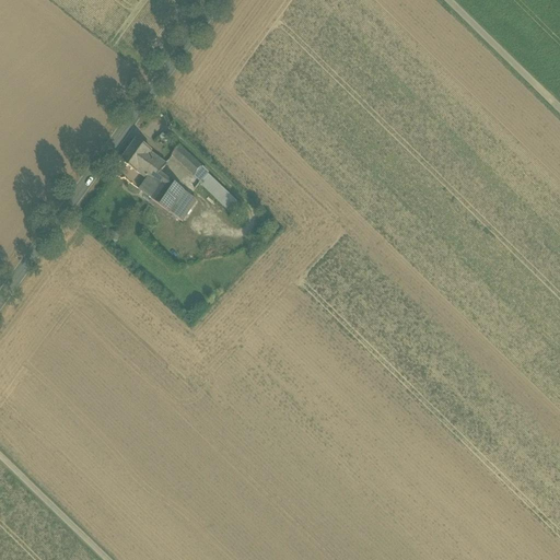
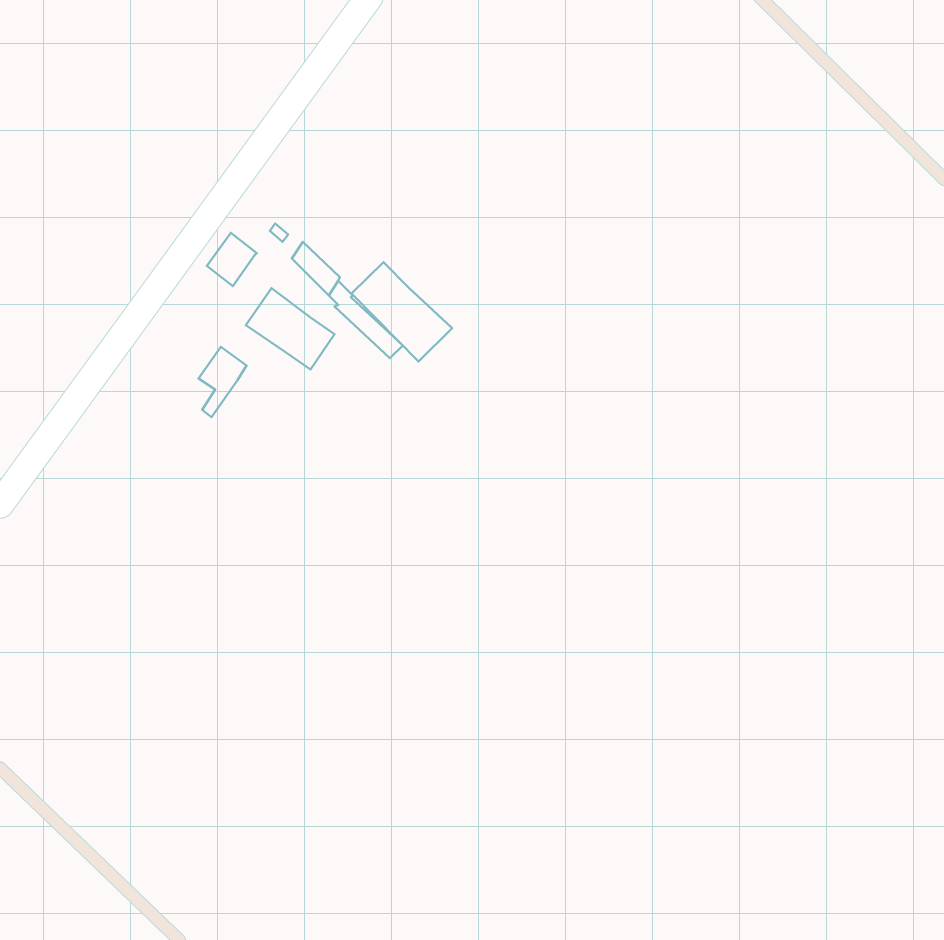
building: [138,151,166,192] -> [199,347,247,417]
building: none -> [351,262,452,362]

